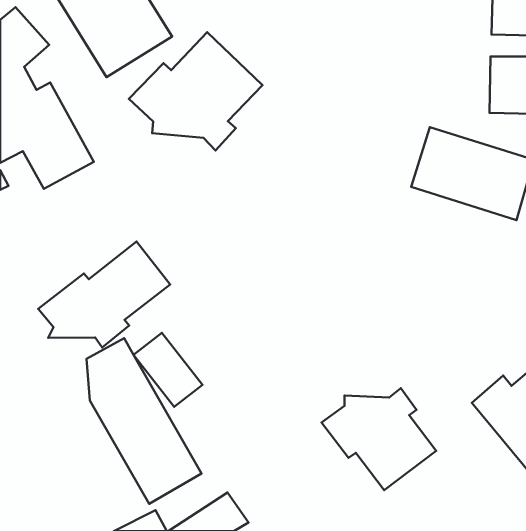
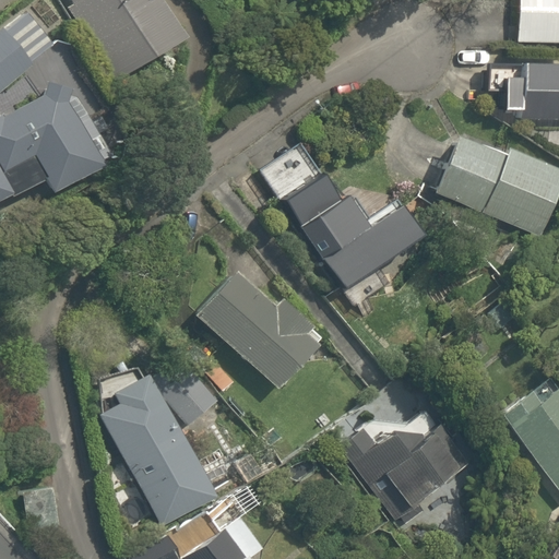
building: [129,32,263,150] -> none
building: none -> [237,138,423,292]
building: [38,242,170,348] -> none
building: none -> [197,276,321,396]

